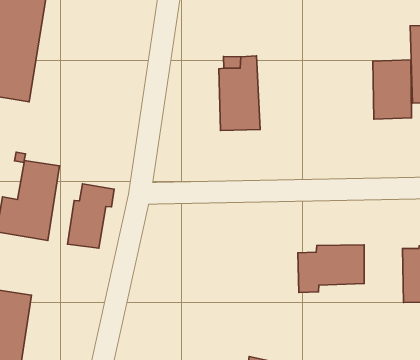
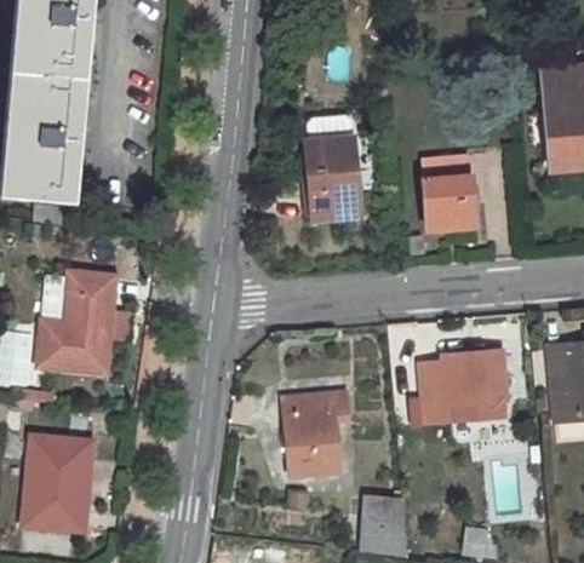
building: [373,60,412,119] -> [420,153,474,230]
building: [68,184,114,248] -> none
building: none -> [281,391,347,477]

